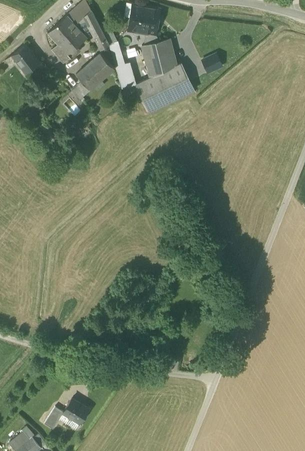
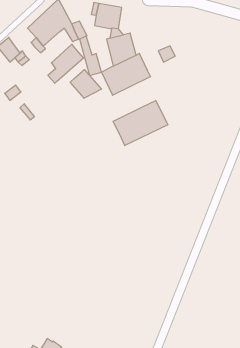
building: none -> [70,70,101,98]
building: none -> [113,101,168,146]

